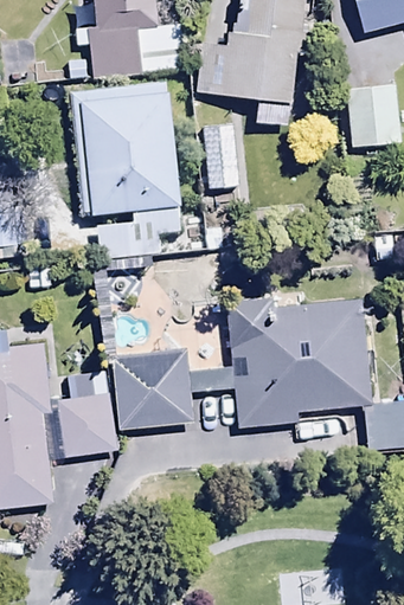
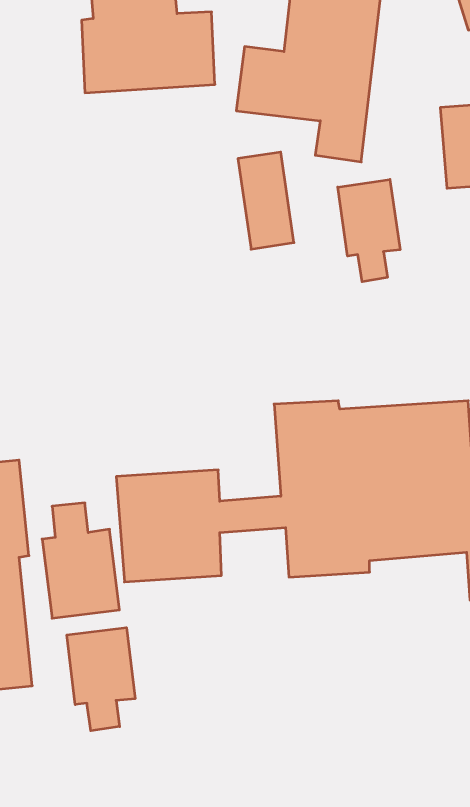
building: [70,81,182,217] -> none
building: none -> [338,179,400,282]
building: none -> [67,628,135,731]

